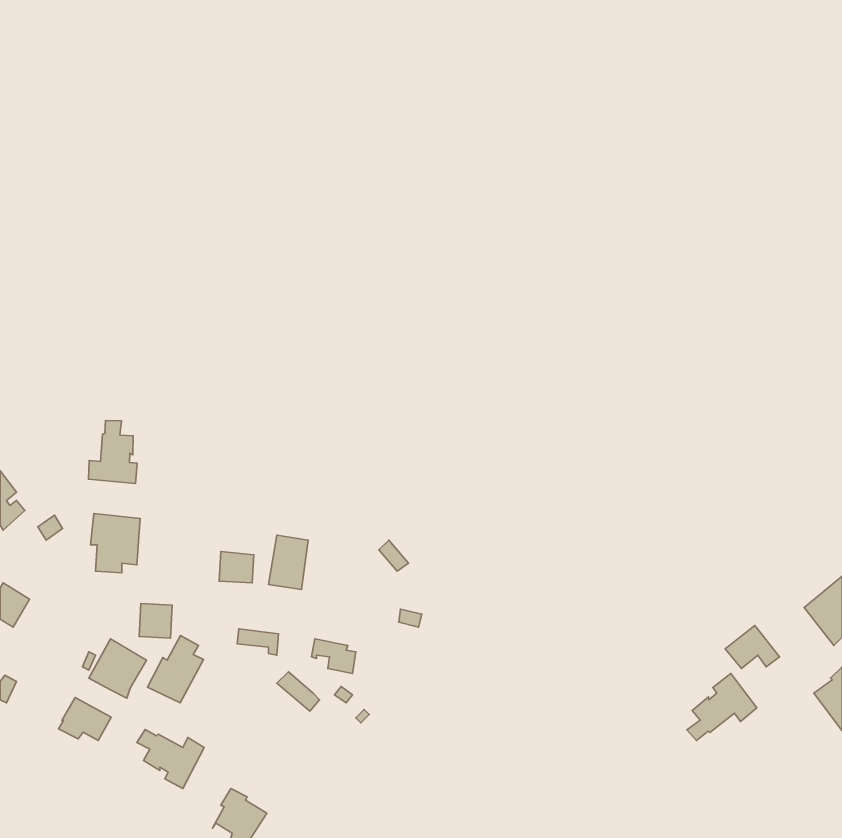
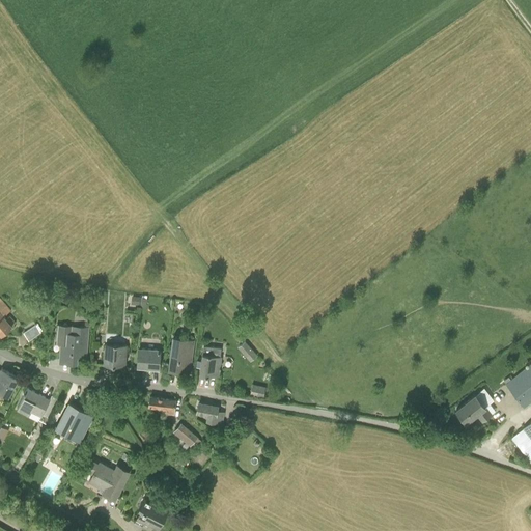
building: [89,420,137,484] -> none
building: none -> [200,347,221,376]
building: [139,603,172,638] -> [105,345,125,367]
building: [147,635,204,703] -> none
building: [687,673,757,740] -> none
building: [59,698,111,740] -> [17,389,50,416]

